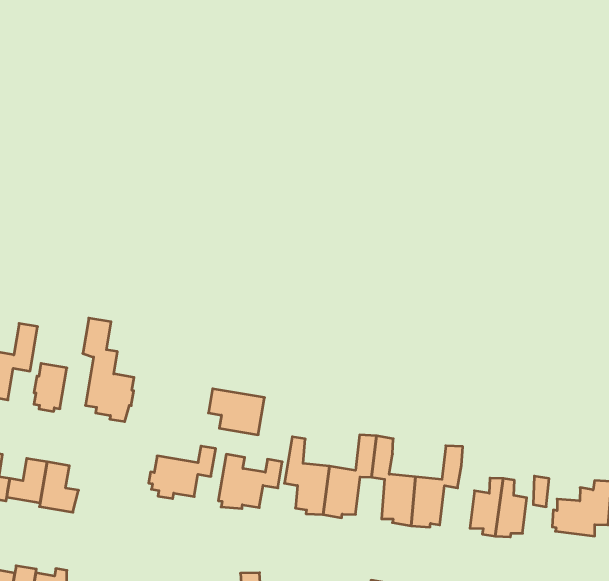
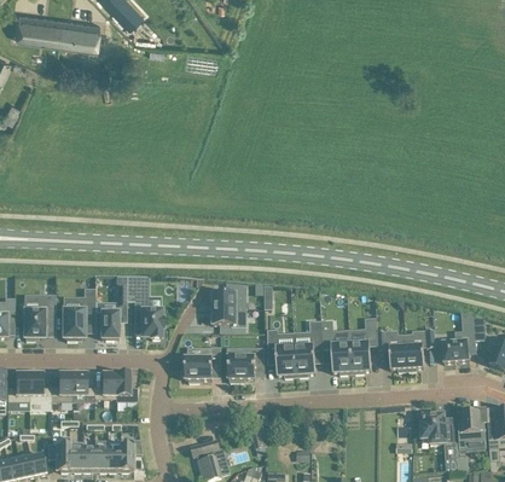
building: none -> [213,283,246,308]

